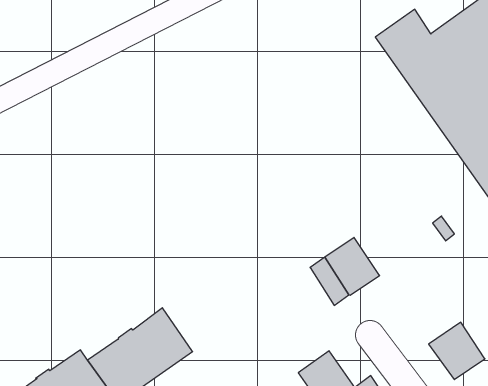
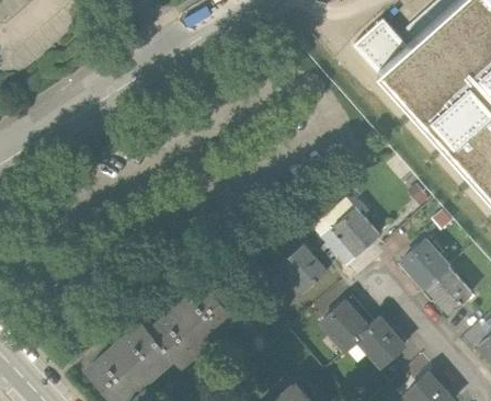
building: none -> [279,245,327,293]
building: none -> [401,241,448,288]

